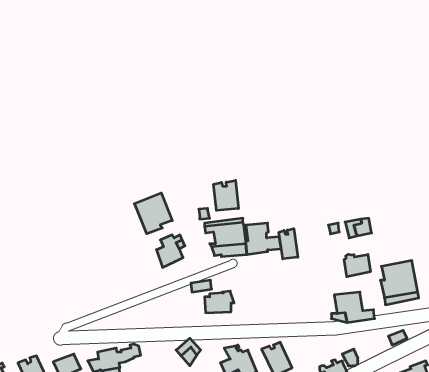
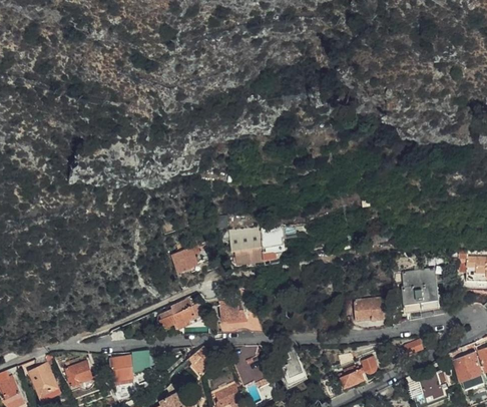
building: [214,180,238,210] -> none
building: [134,193,172,234] -> none
building: [279,229,298,259] -> none
building: [344,254,370,277] -> none
building: none -> [154,298,192,326]

